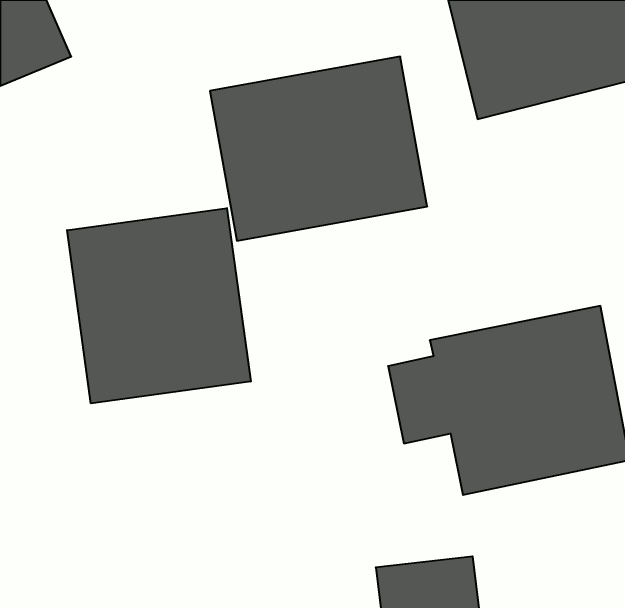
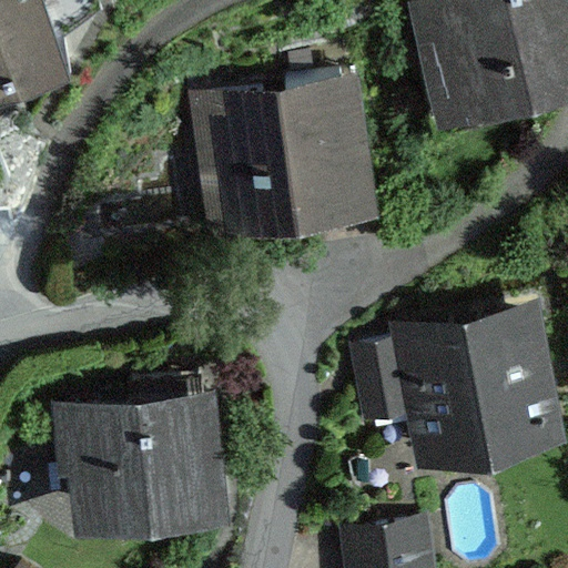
building: [67,208,251,403] -> none
building: none -> [44,378,223,527]

